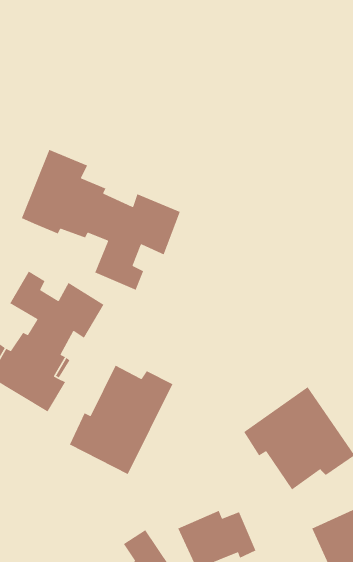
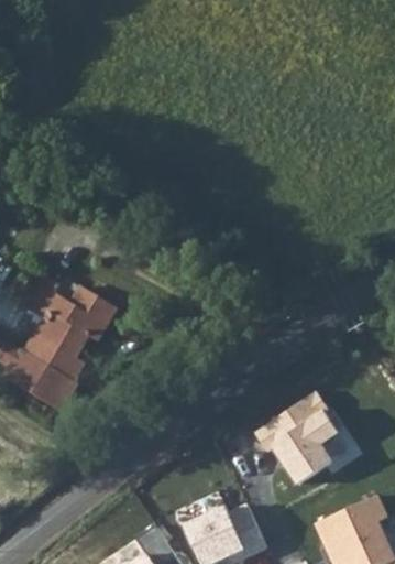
building: [21,149,181,291] -> none
building: [69,364,174,475] -> none

